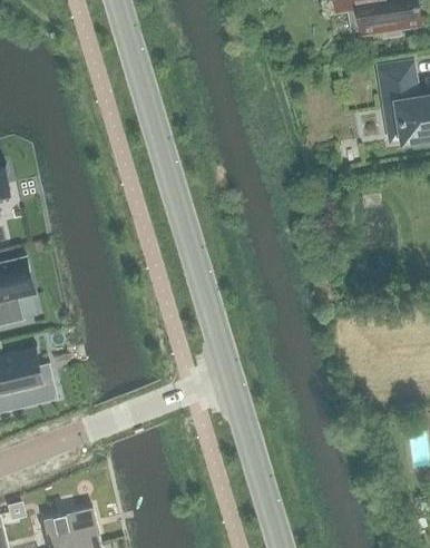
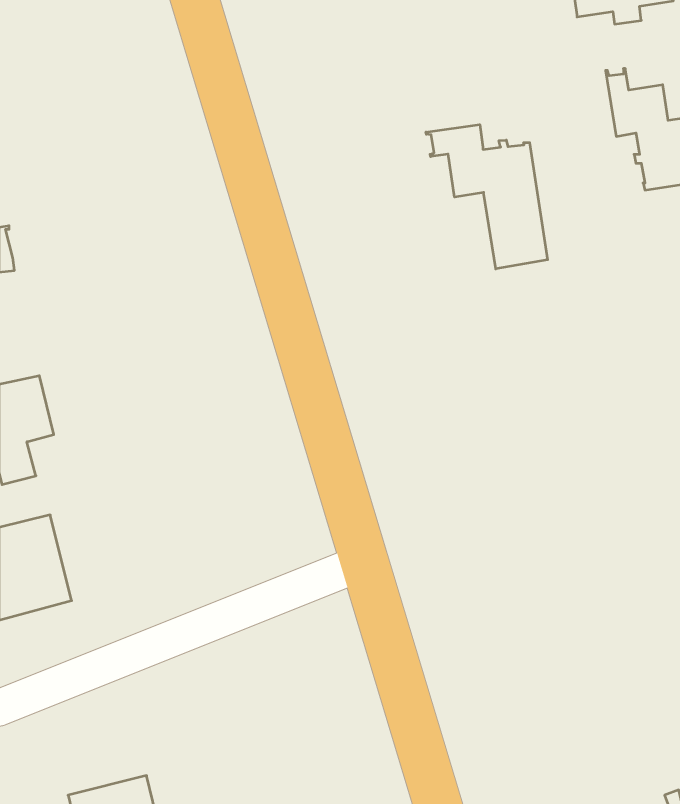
building: none -> [426,125,548,269]

